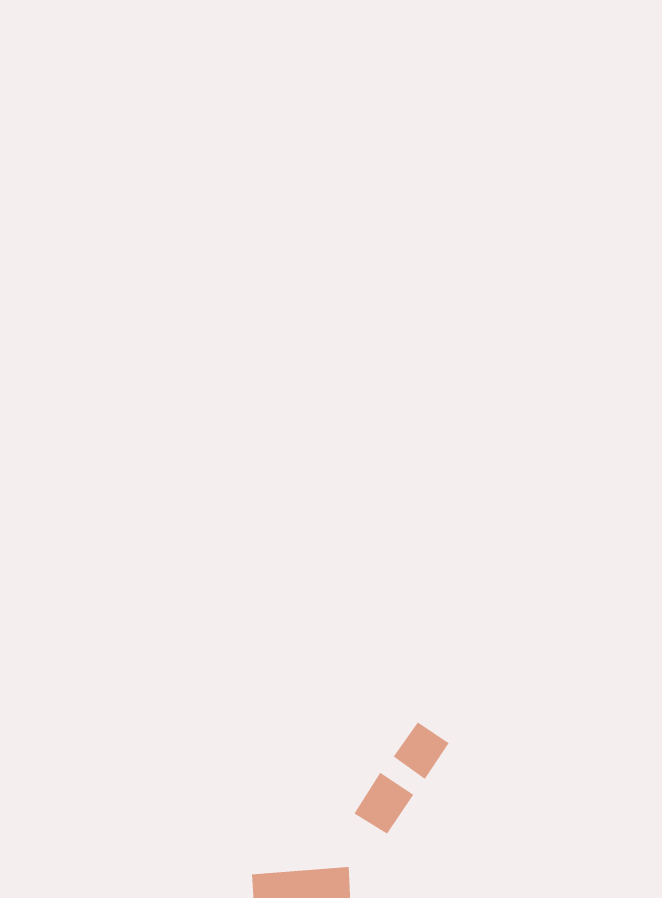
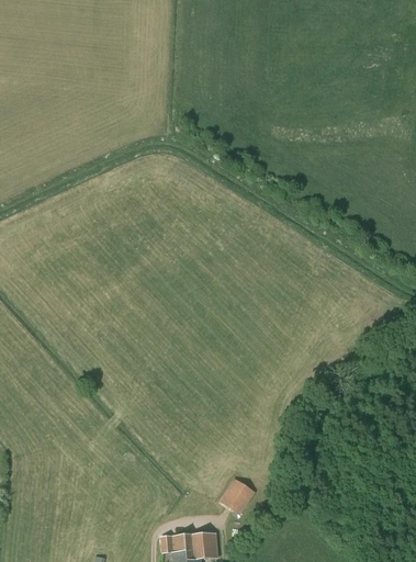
building: [393,722,450,780] -> none

